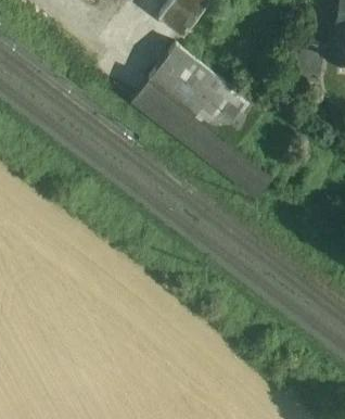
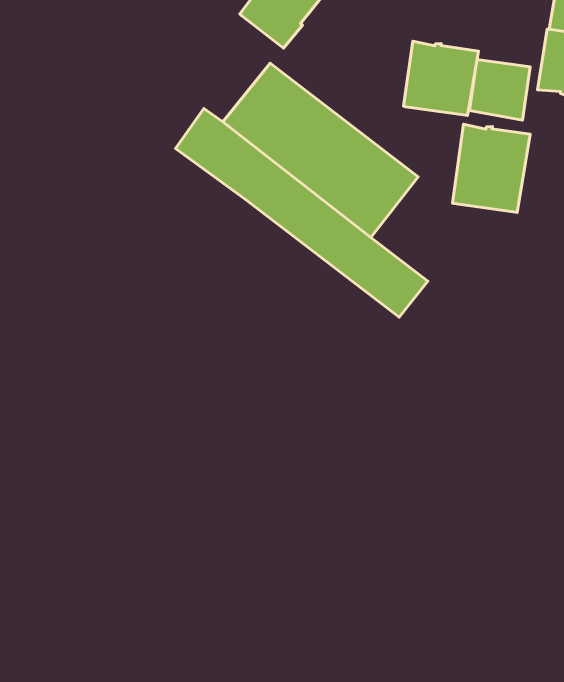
building: none -> [404,41,478,116]
building: none -> [452,124,530,213]

